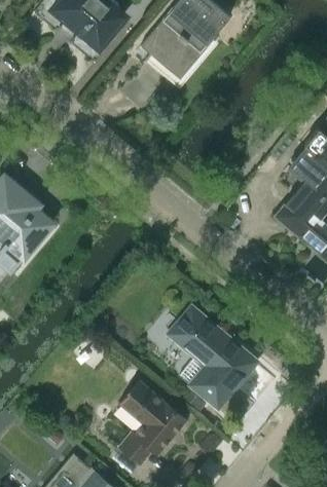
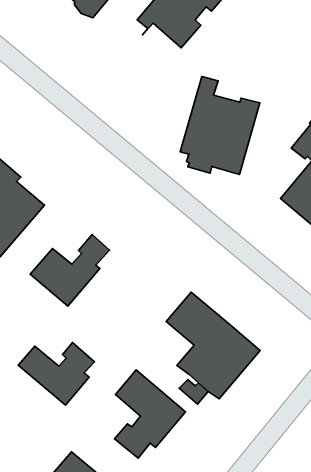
building: none -> [180,76,260,175]
building: none -> [30,235,109,306]
building: none -> [18,343,94,405]

